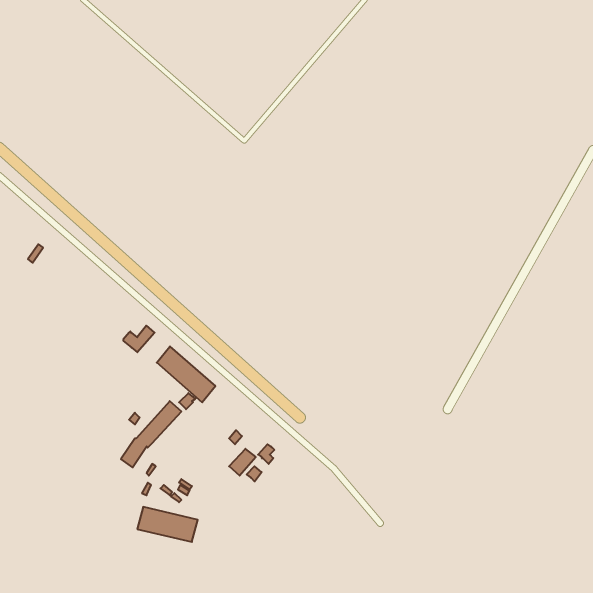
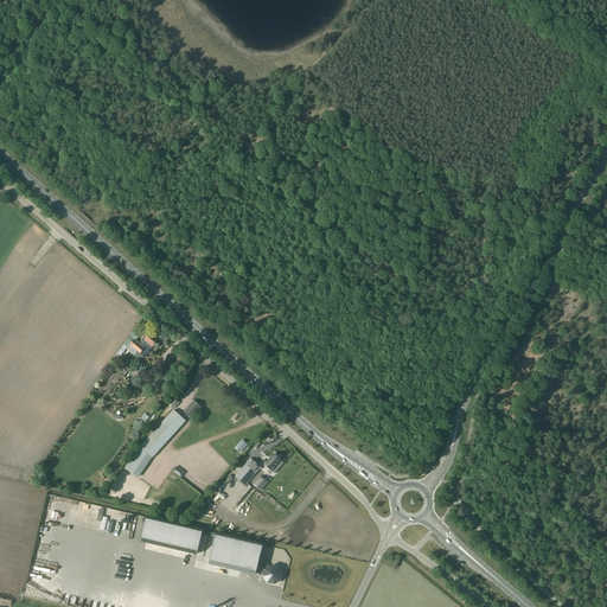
building: [157,346,215,402] -> none
building: none -> [209,533,281,583]

